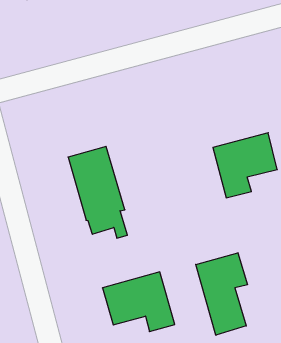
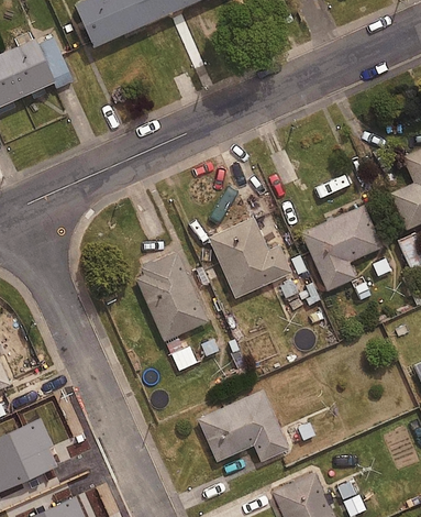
building: none -> [210,220,295,299]
building: [196,253,247,335] -> none

